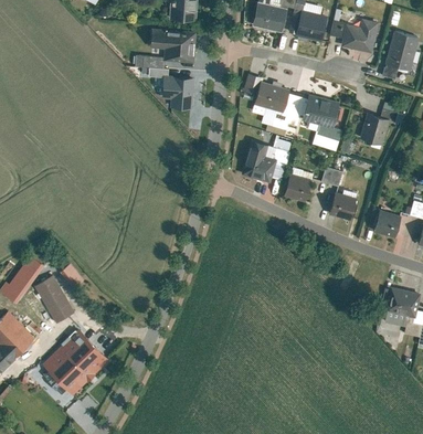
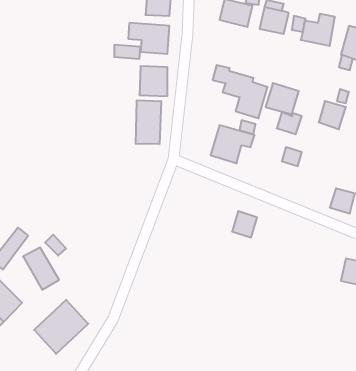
building: none -> [136,100,161,144]
building: [284,173,311,202] -> [232,211,257,237]
building: [330,193,356,219] -> none

